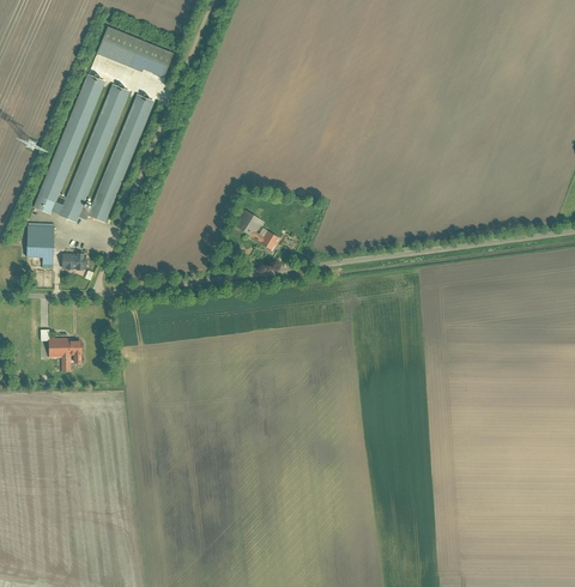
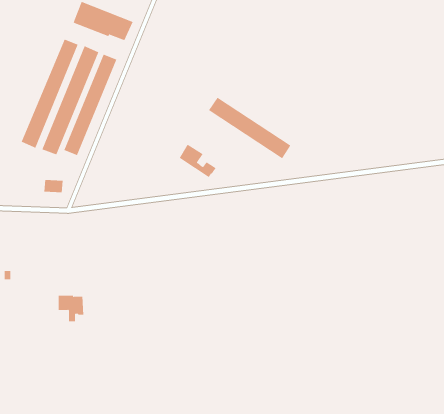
building: none -> [208,97,291,159]
building: [28,225,55,258] -> none
building: [48,338,81,371] -> [58,295,84,322]

